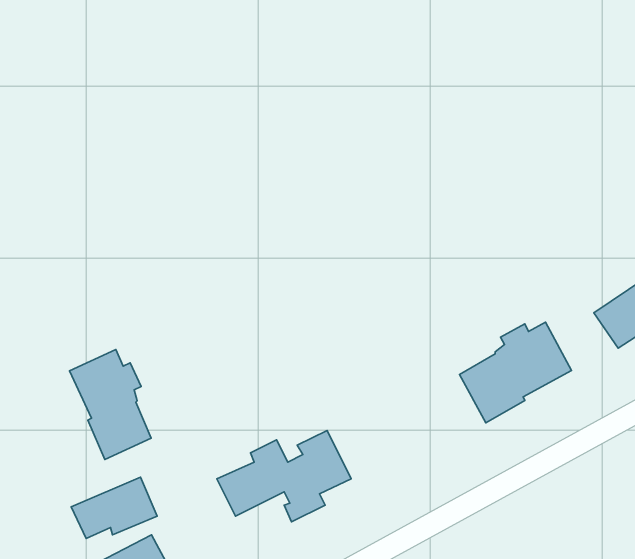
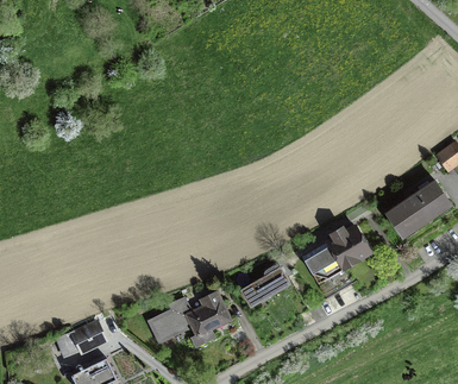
building: [70,350,151,459] -> none
building: none -> [240,262,290,306]

